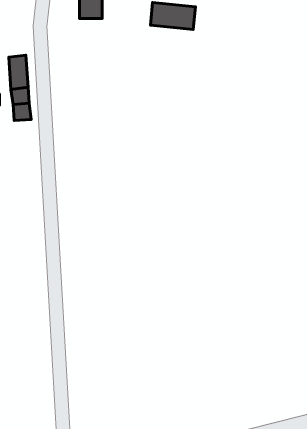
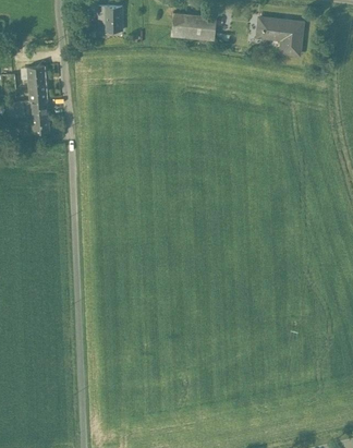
building: none -> [257,19,303,56]

